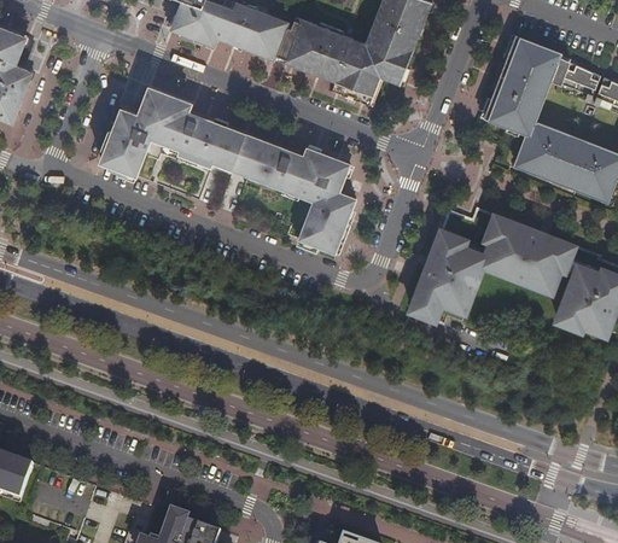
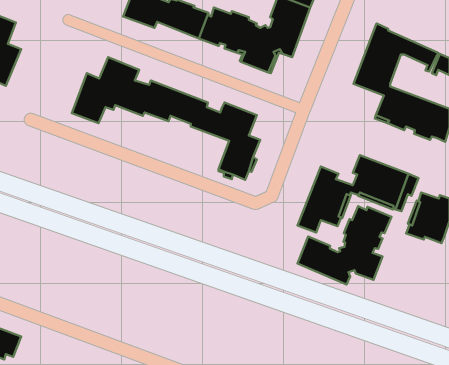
building: none -> [297,206,391,285]

